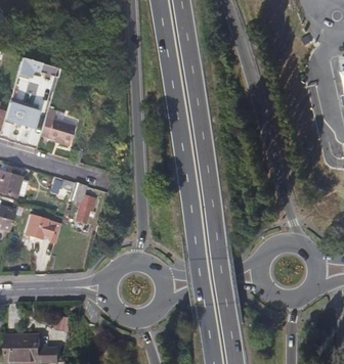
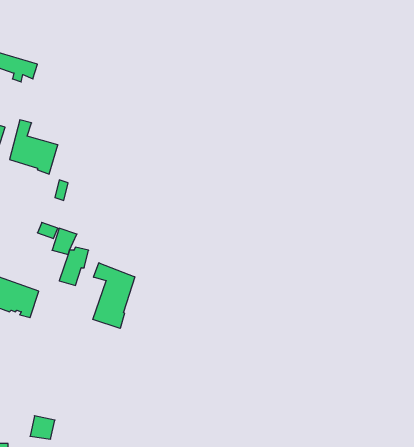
building: none -> [93,263,135,328]

